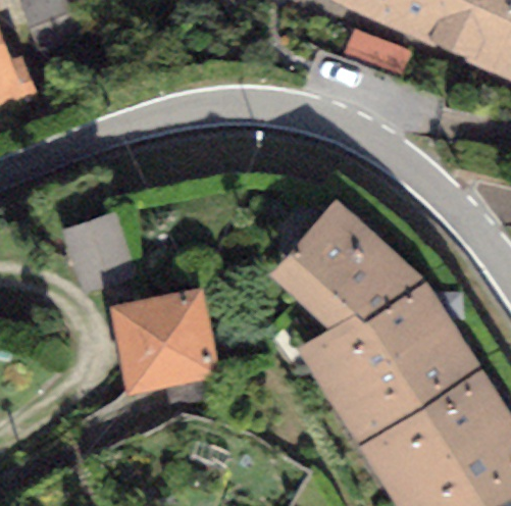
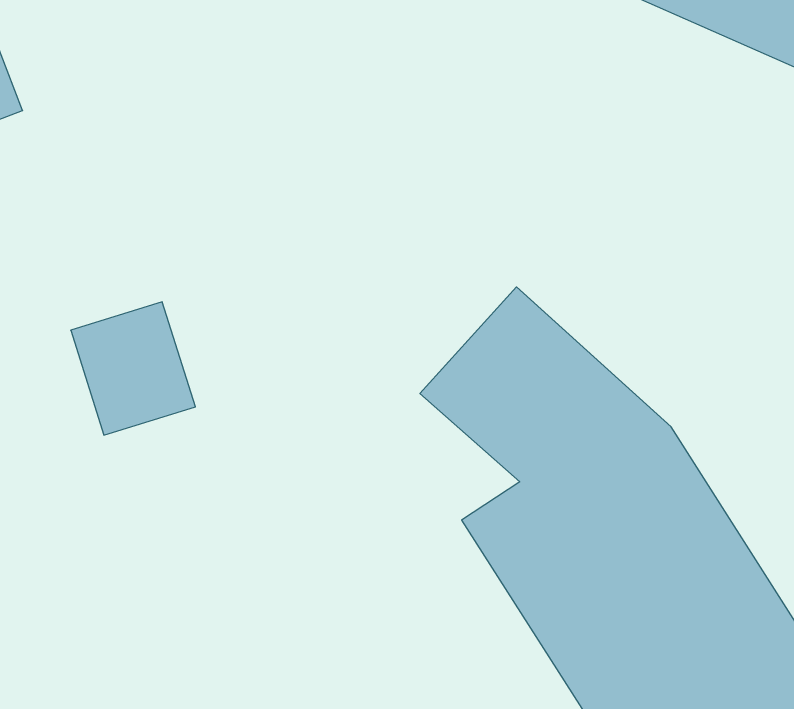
building: [121,296,214,390] -> none

